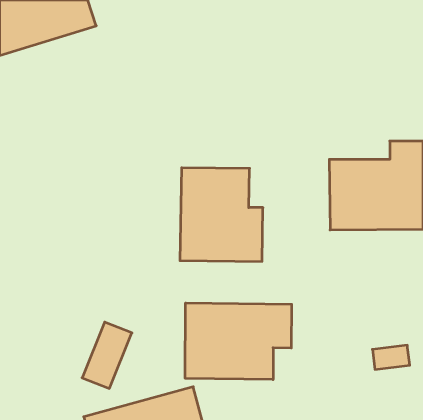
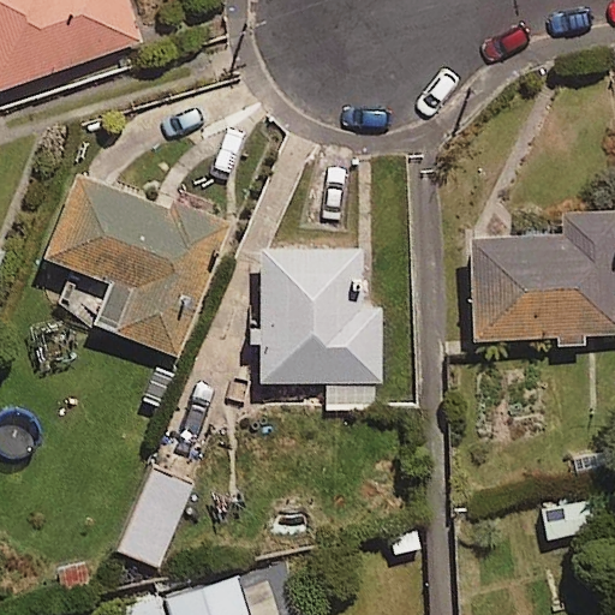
building: none -> [46,175,225,357]
building: [185,303,292,380] -> none

